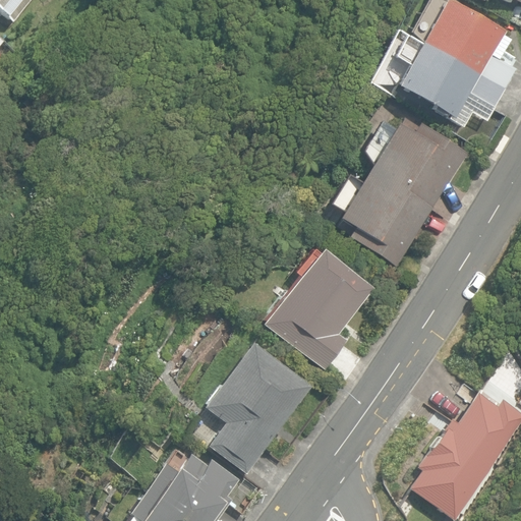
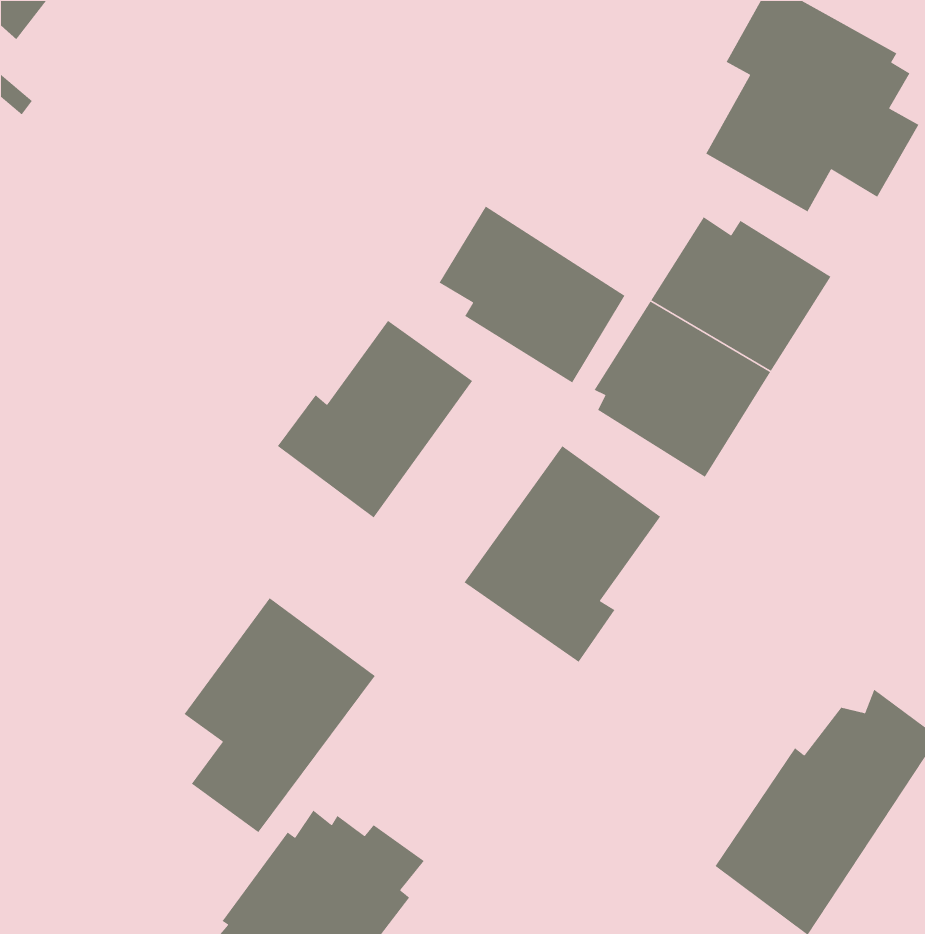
building: none -> [439,205,626,383]
building: none -> [277,320,473,518]
building: [207,342,313,473] -> [184,597,376,833]

